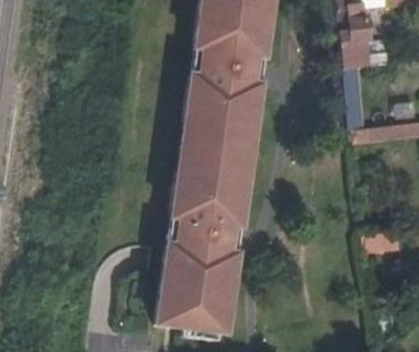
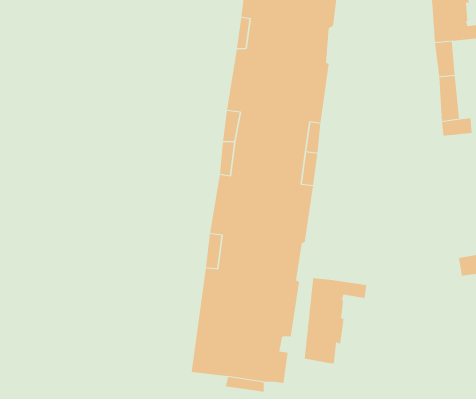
building: none -> [304,277,367,364]

